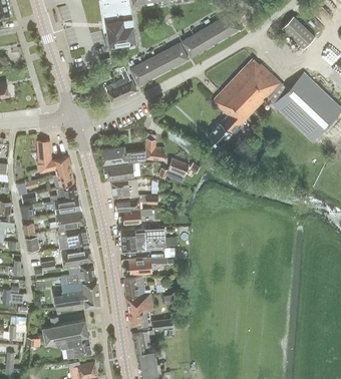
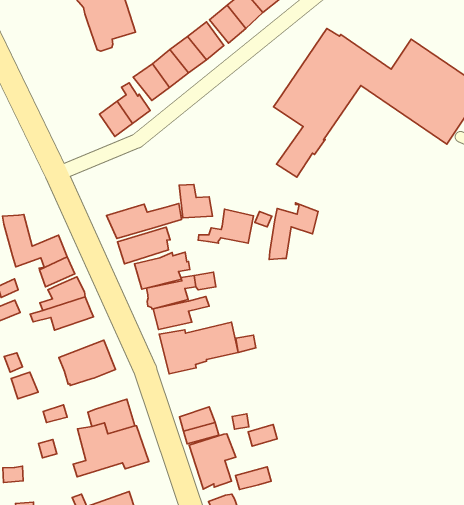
building: none -> [269,203,318,260]
building: [55,212,84,229] -> none
building: [59,245,92,266] -> none
building: [122,257,167,275] -> none

